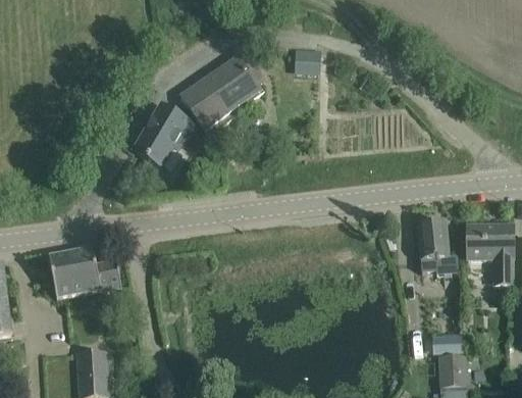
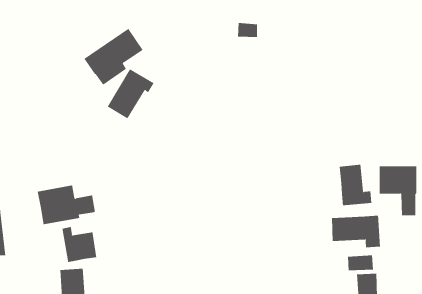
building: [181,57,255,128] -> [84,28,144,86]
building: none -> [332,215,380,248]
building: none -> [62,226,97,263]

